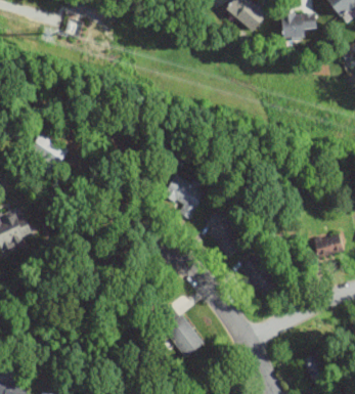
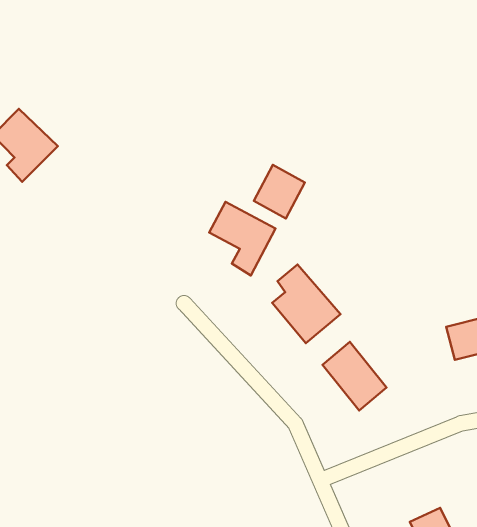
building: none -> [254,165,305,218]
building: [156,301,203,356] -> none

